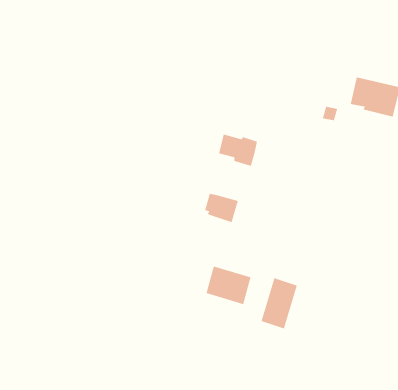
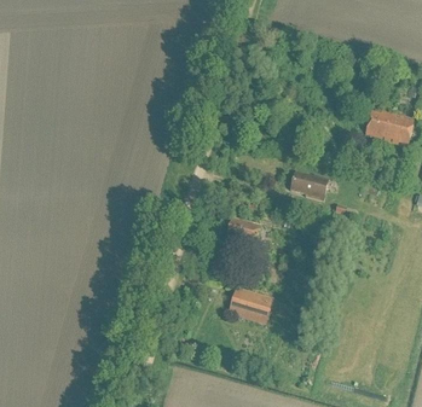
building: [218,133,258,167] -> [290,170,328,202]
building: [260,277,298,330] -> none

